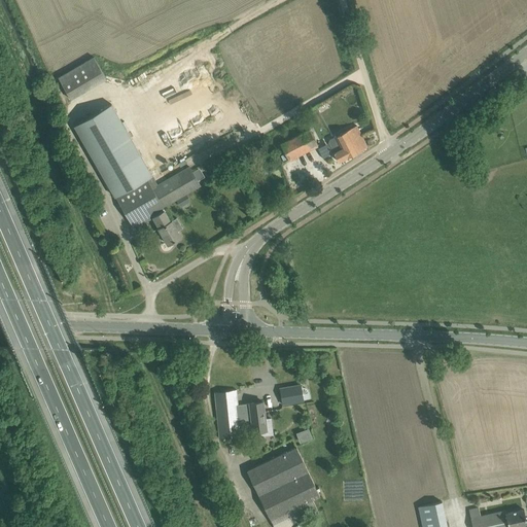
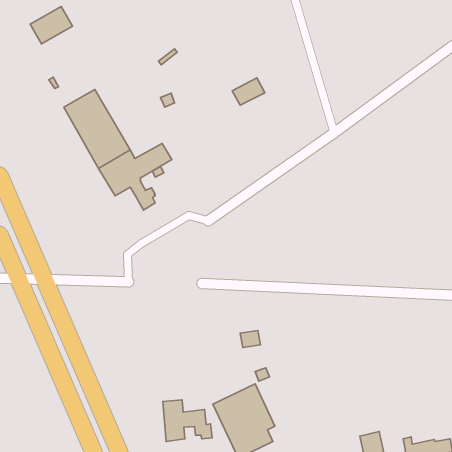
building: [57,58,106,101] -> [30,7,73,44]
building: [327,127,366,163] -> none
building: [279,129,317,161] -> [232,78,265,105]
building: [214,391,272,440] -> [163,400,212,441]

